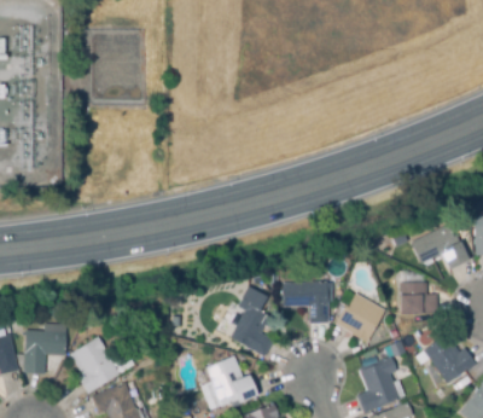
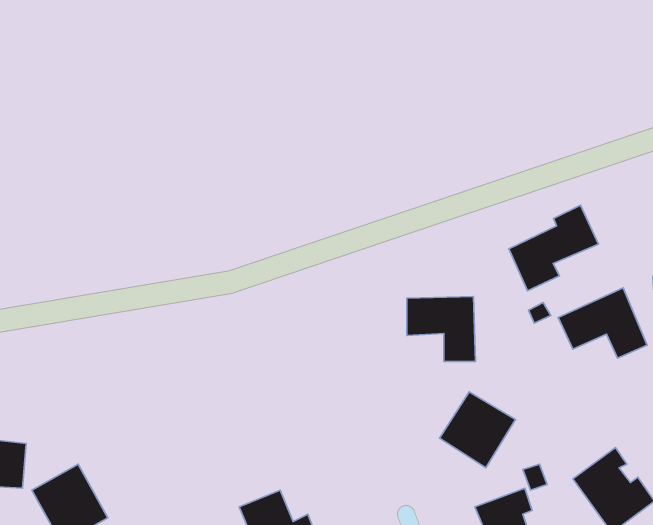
building: none -> [509,205,598,291]
building: [284,279,328,321] -> [407,296,475,361]
building: [402,284,440,315] -> none
building: [227,285,274,355] -> none

